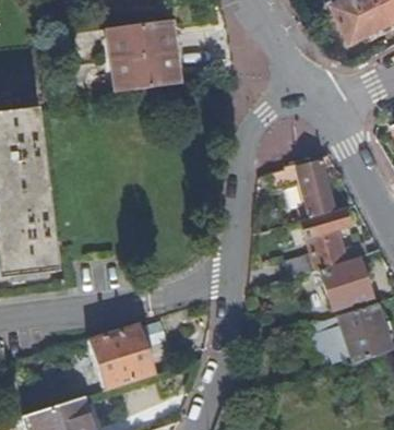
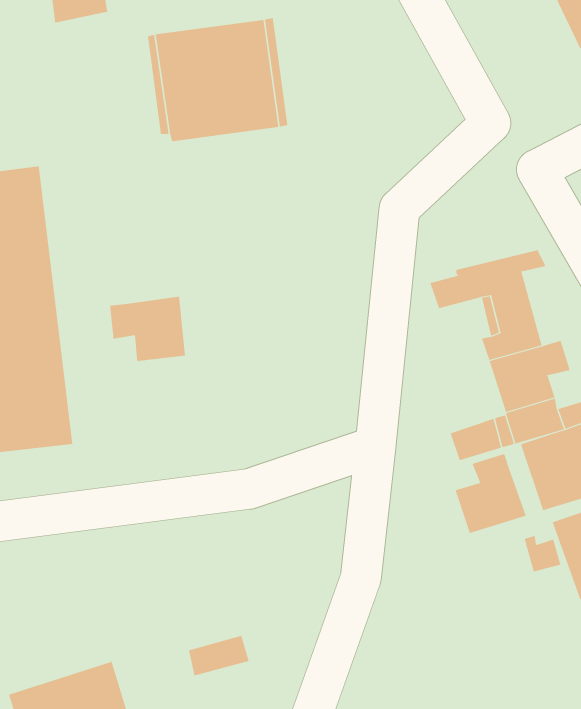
building: none -> [109,296,186,362]
building: none -> [455,453,527,534]
building: [88,325,154,392] -> none

